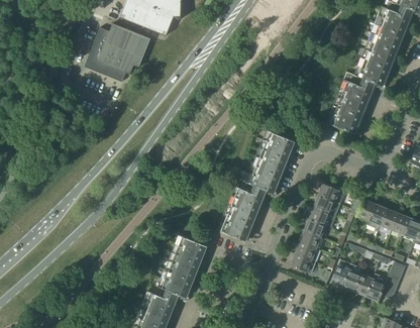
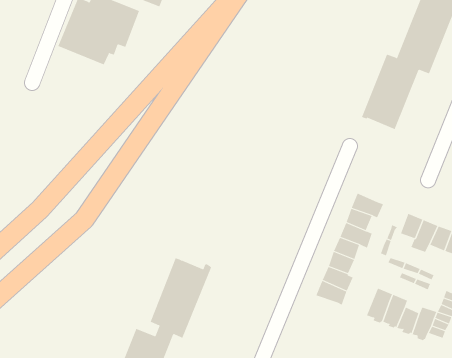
building: [217,130,296,241] -> none

